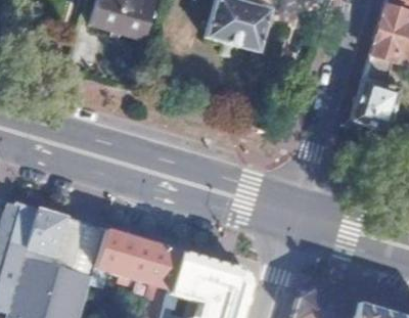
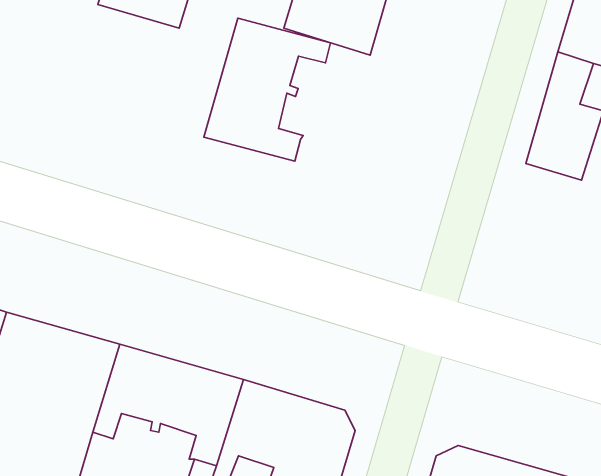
building: none -> [204,18,330,161]

